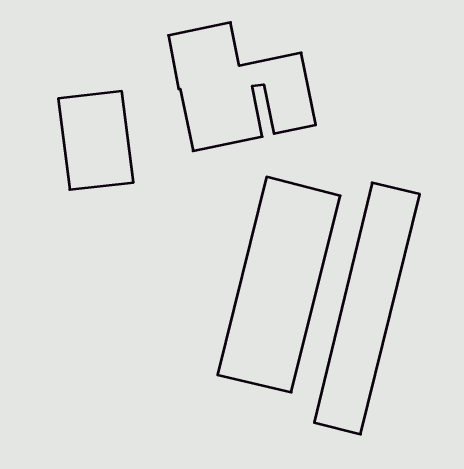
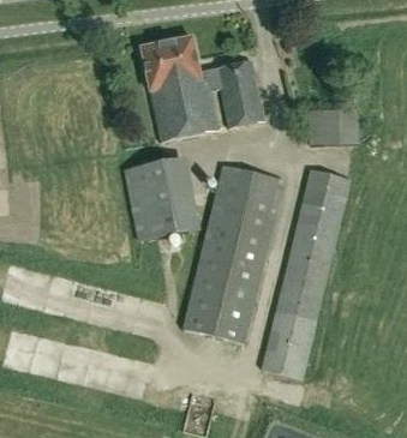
building: [58,91,133,190] -> [120,149,182,230]
building: none -> [309,108,364,145]

